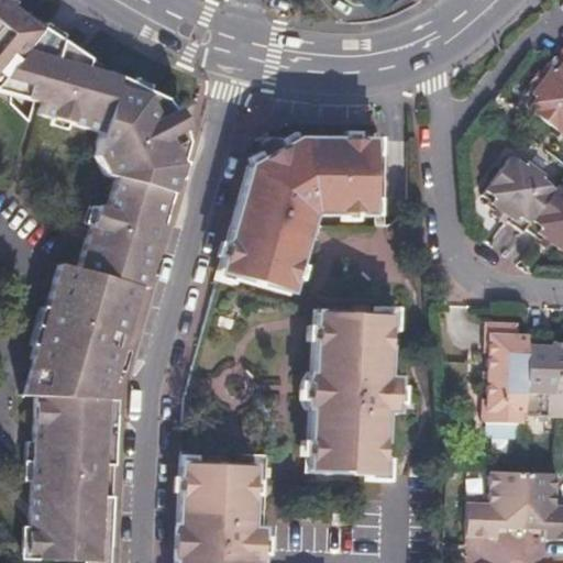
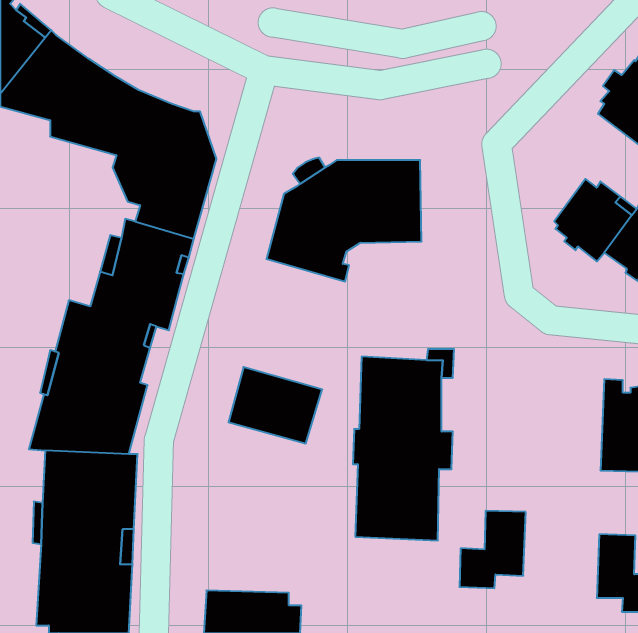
building: [222,228,305,295] -> [228,367,322,443]
building: [485,321,532,420] -> none
building: [183,466,256,521] -> none
building: [470,468,528,537] -> [459,511,526,588]

